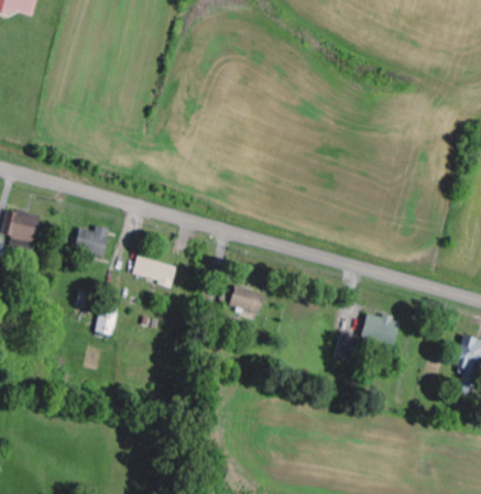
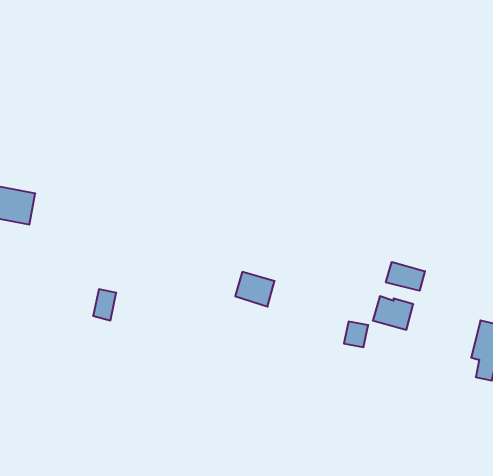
building: [73,223,109,253] -> none
building: [133,257,178,287] -> none
building: none -> [386,262,425,291]

